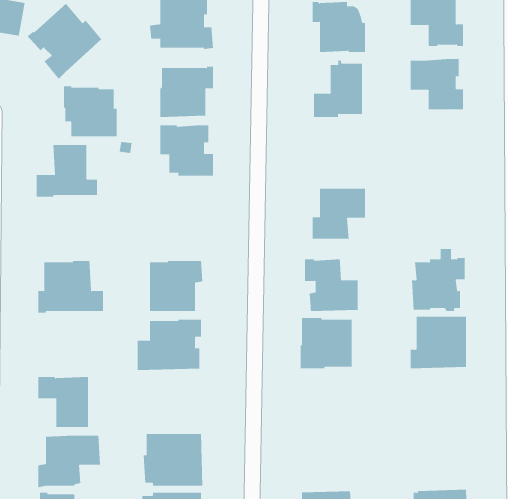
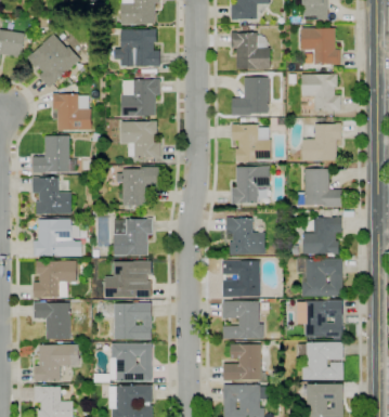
building: none -> [232,123,270,161]
building: none -> [302,123,341,160]
building: none -> [117,167,159,211]
building: none -> [299,169,341,207]
building: none -> [33,177,72,214]
building: none -> [34,260,76,299]
building: none -> [114,300,152,340]
building: none -> [297,300,342,337]
building: none -> [222,301,263,339]
building: none -> [298,342,343,380]
building: none -> [223,343,260,381]

